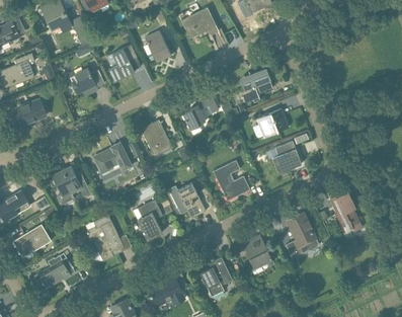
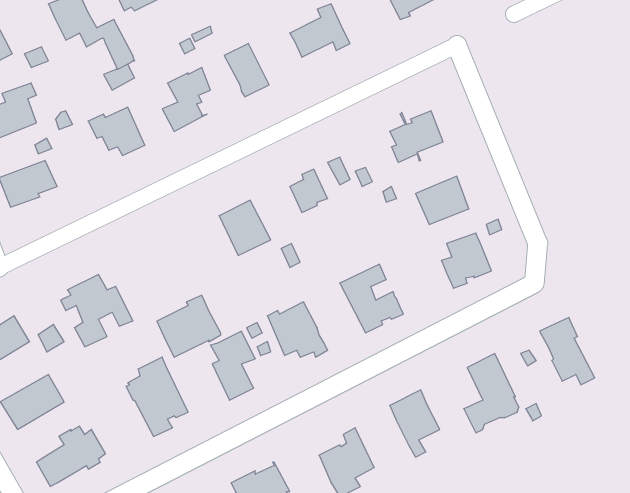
building: [94,143,132,179] -> [157,295,221,357]

